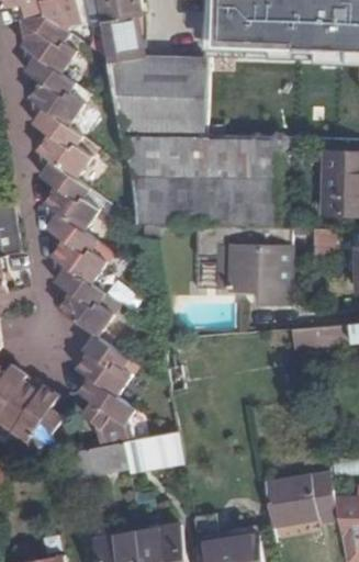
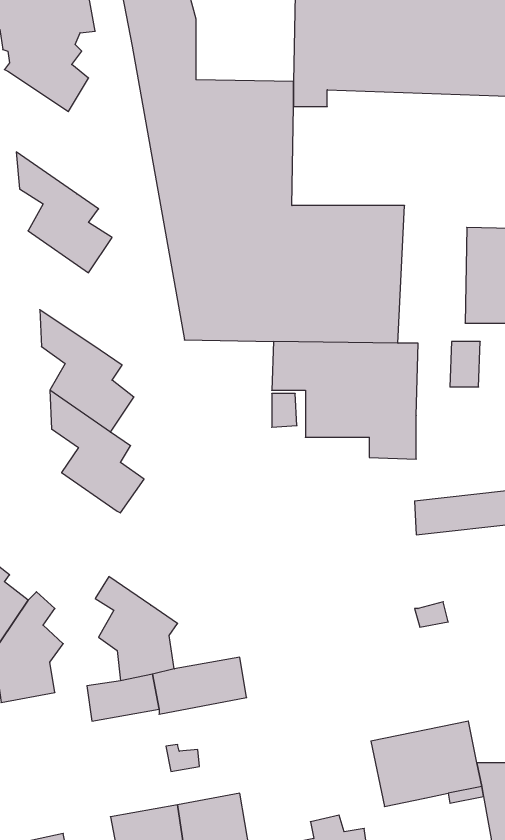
building: [25,47,86,127] -> none
building: [38,151,100,229] -> none
building: [79,335,139,396] -> none

